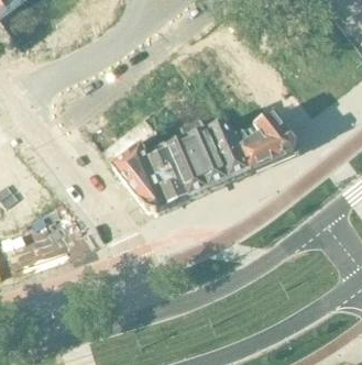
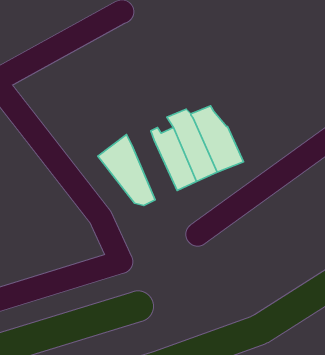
building: [240,117,300,176] -> none
building: [149,155,191,212] -> none

